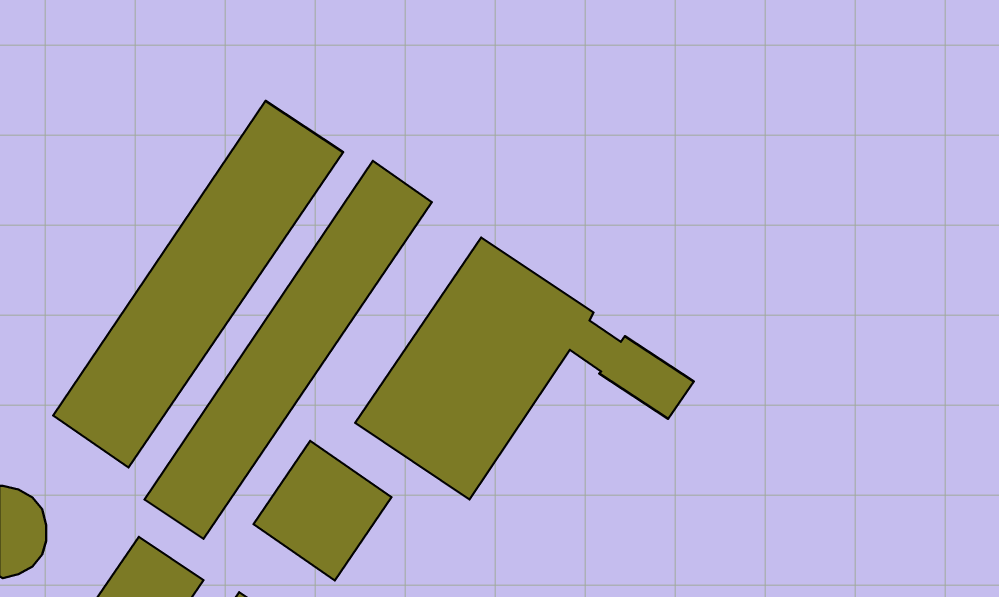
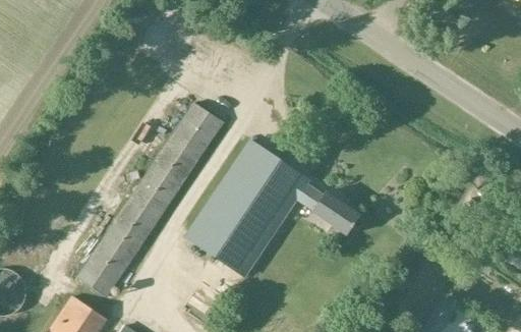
building: [53,101,343,467] -> none
building: [254,441,392,581] -> none

